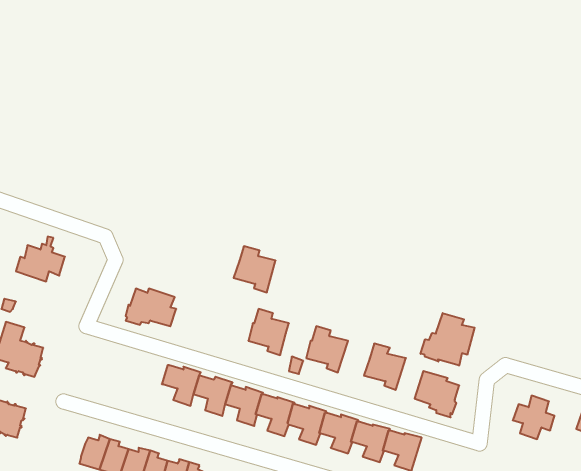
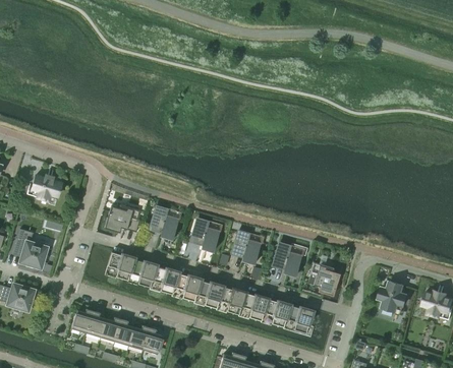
building: [234,246,276,292] -> [150,207,179,240]
building: [421,313,475,366] -> none
building: none -> [108,251,135,281]

